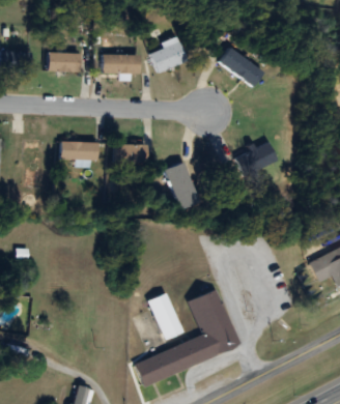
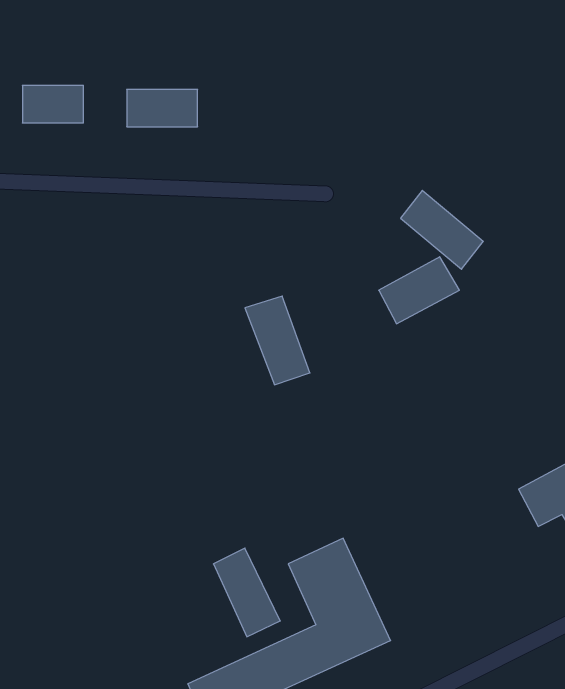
building: [150,45,182,71] -> none
building: [220,47,263,88] -> [401,190,483,269]
building: [60,142,97,160] -> none
building: [115,144,146,163] -> none

